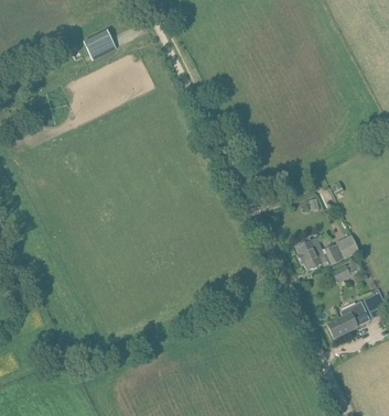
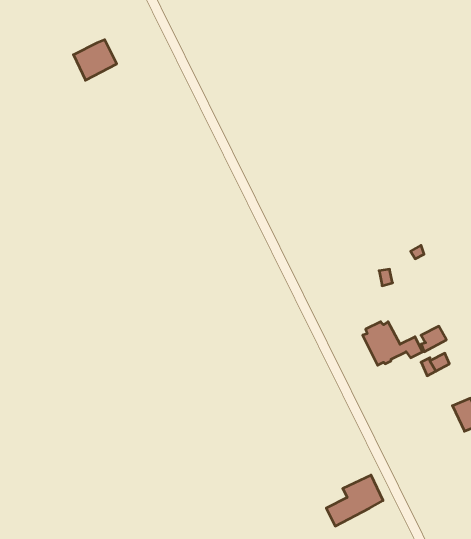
building: [327,299,369,337] -> [326,475,383,526]

